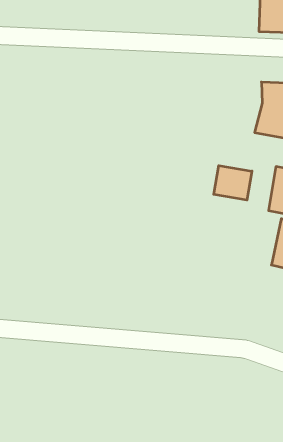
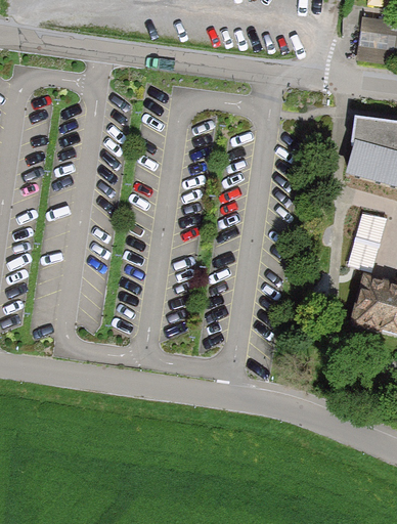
building: [214,166,252,200] -> none

